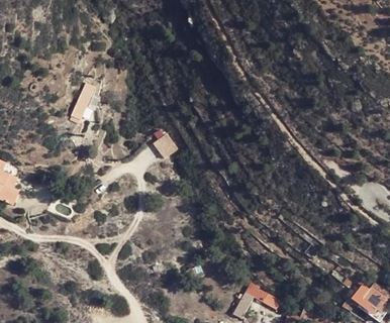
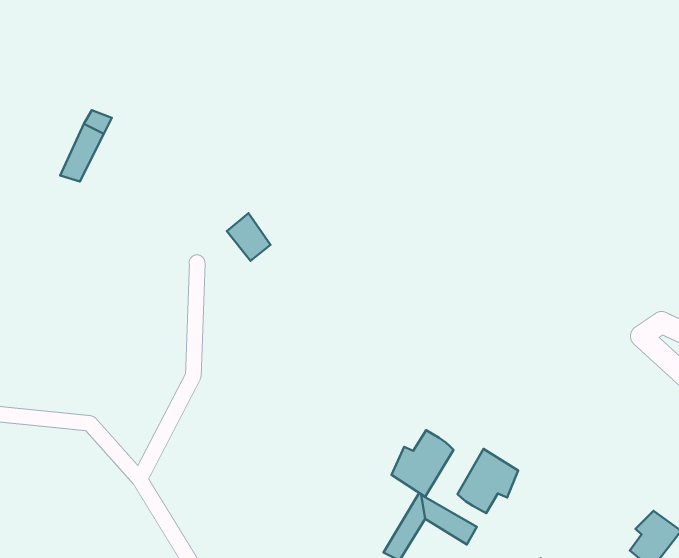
building: none -> [392,430,454,497]
building: none -> [458,449,518,513]

